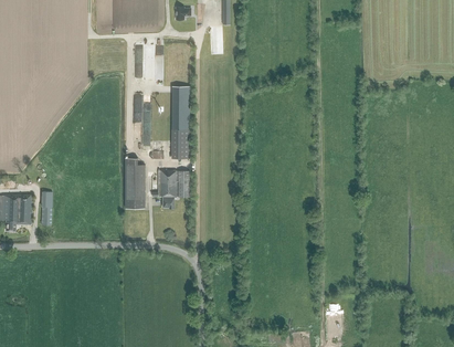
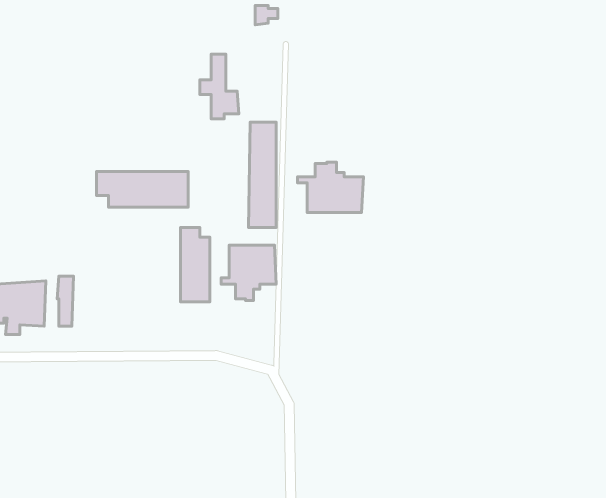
building: none -> [298,162,364,212]
building: none -> [96,172,188,207]

